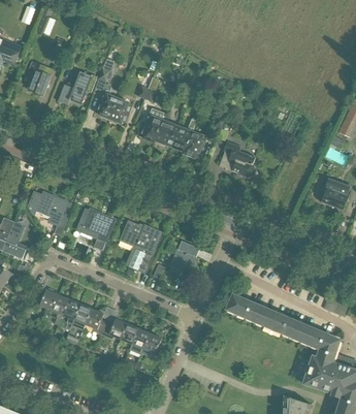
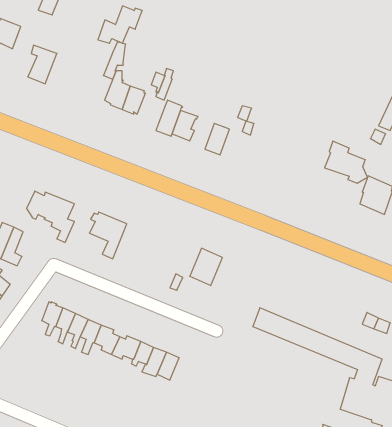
building: [58,71,97,104] -> [98,6,142,43]
building: [170,116,196,153] -> none
building: [219,140,257,178] -> [325,141,368,183]
building: [120,220,161,273] -> none

